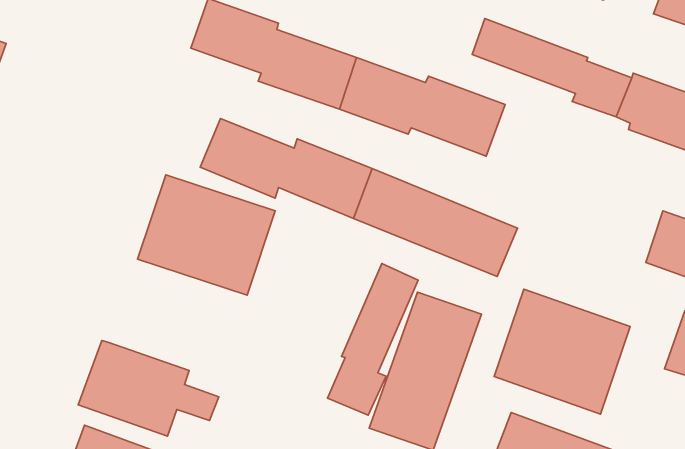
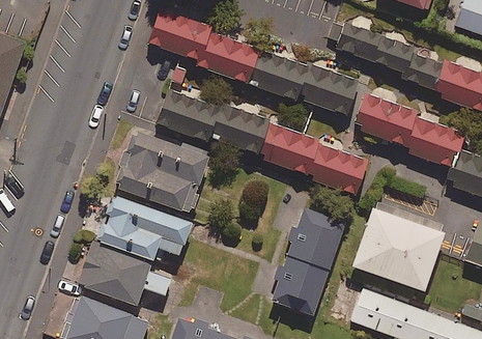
building: none -> [355,97,464,171]
building: [327,264,418,415] -> none
building: none -> [97,194,192,260]

